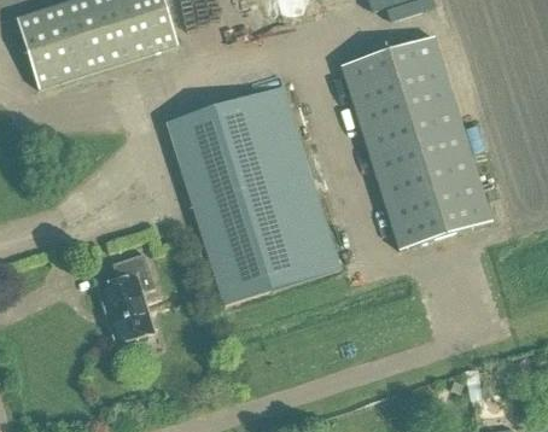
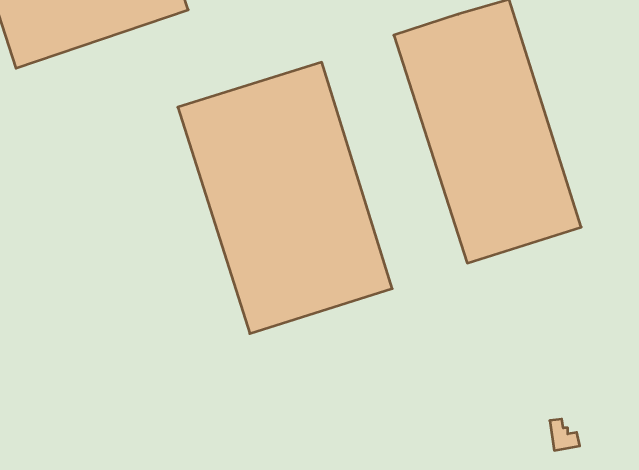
building: [101,253,157,344] -> none

